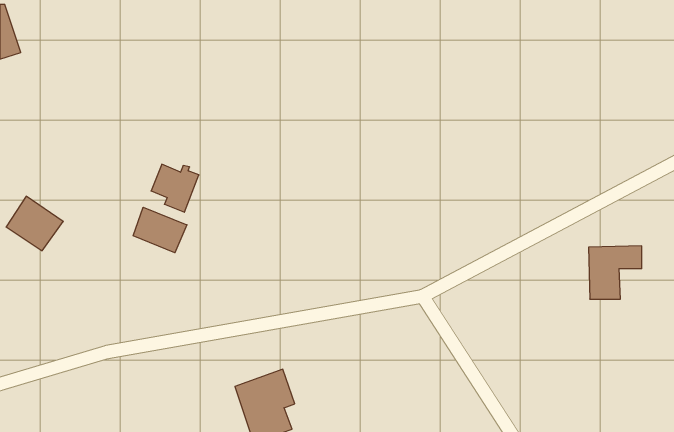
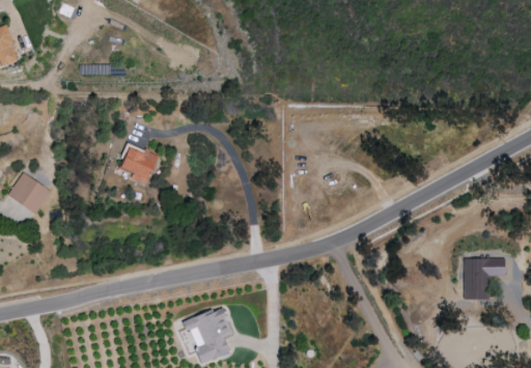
building: [133,207,187,253] -> none
building: [589,246,642,299] -> [464,257,505,299]

